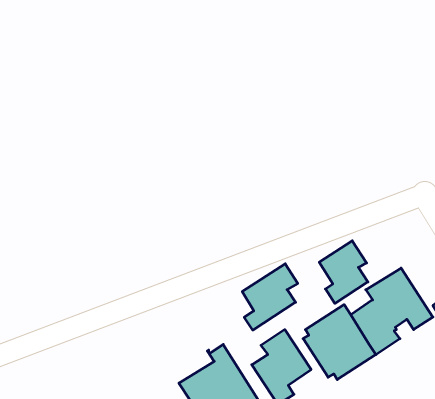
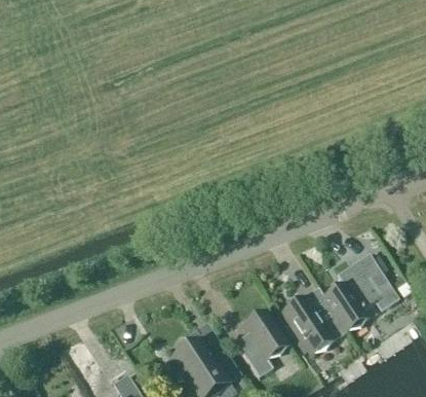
building: [319,241,368,303] -> none
building: [242,264,298,330] -> none

